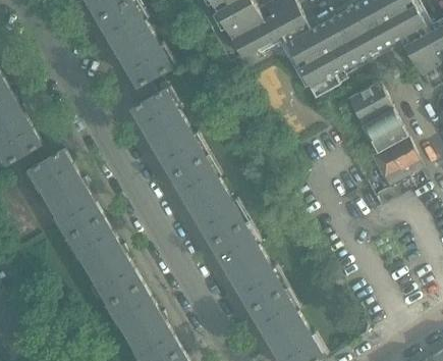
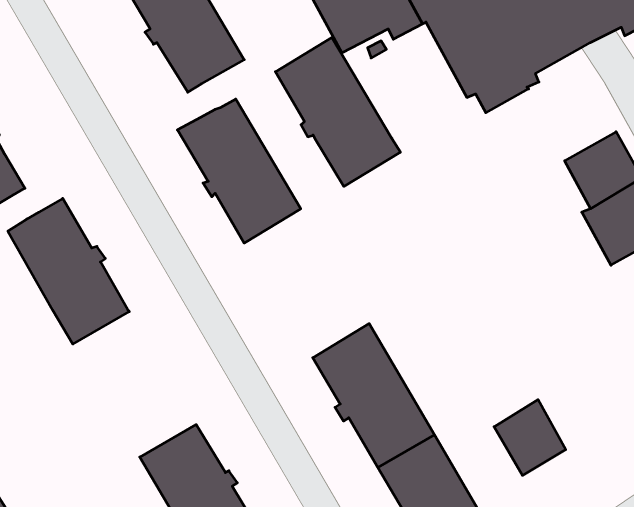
building: [346,82,391,126] -> none
building: [170,155,244,244] -> [275,37,400,186]
building: [68,216,142,303] -> none
building: none -> [494,400,566,475]

